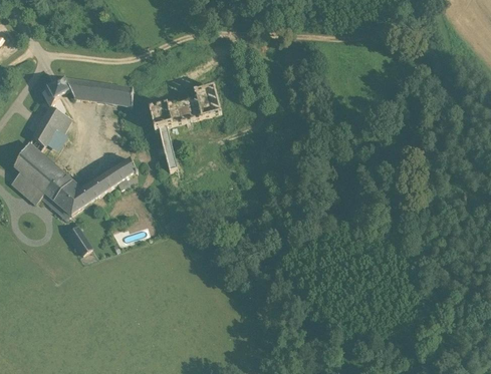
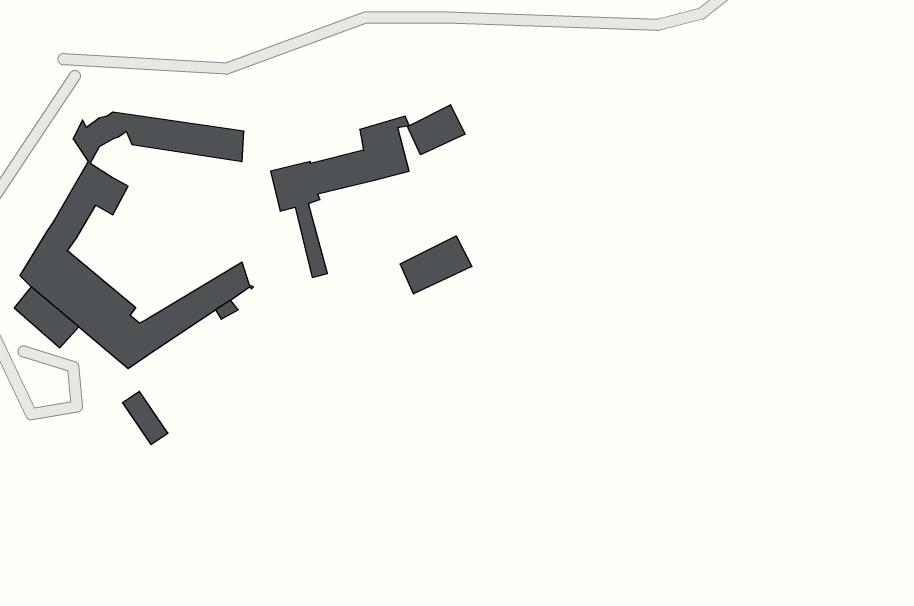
building: none -> [408,105,465,155]
building: none -> [400,236,472,294]

